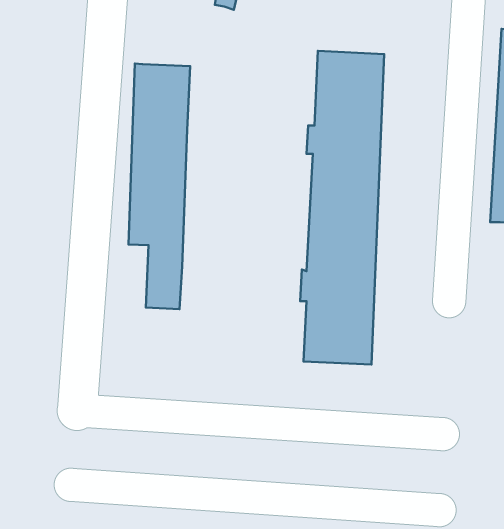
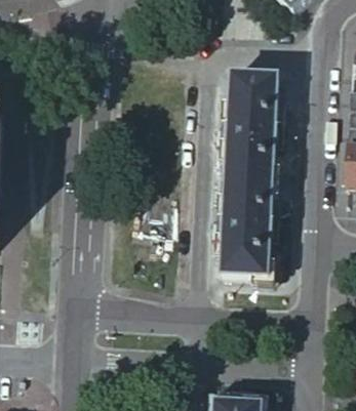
building: [128,63,190,309] -> none

